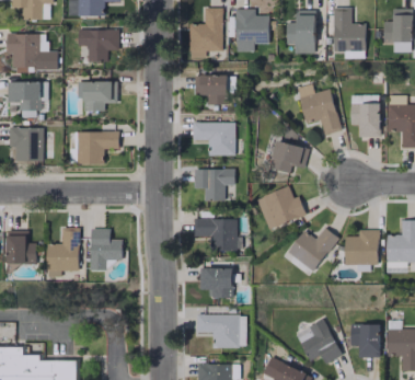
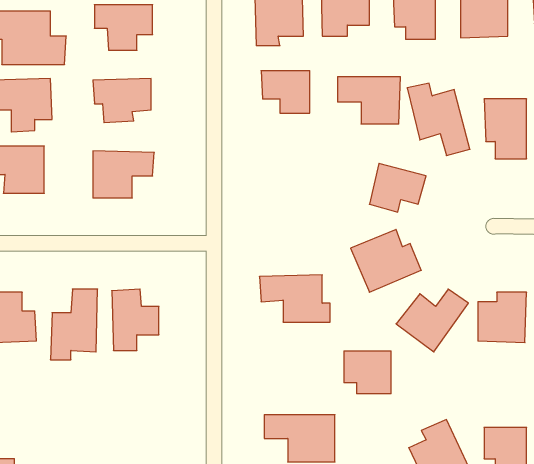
building: [192,123,235,156] -> [338,77,400,124]
building: [194,169,234,200] -> none
building: [199,268,232,298] -> [344,351,391,394]

